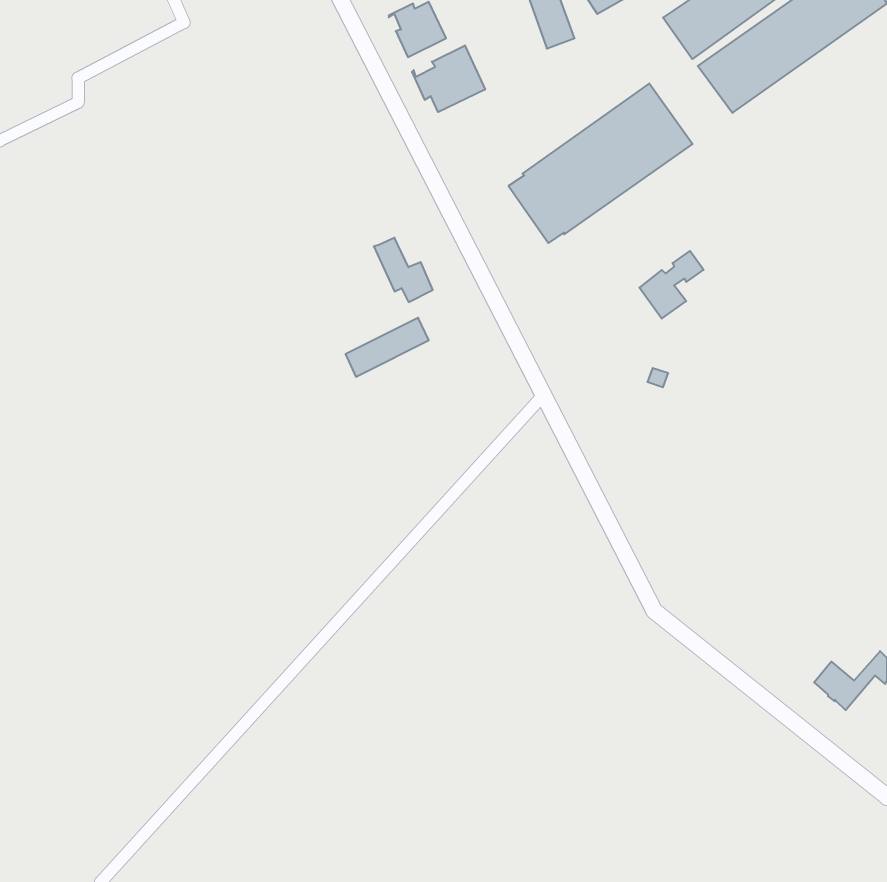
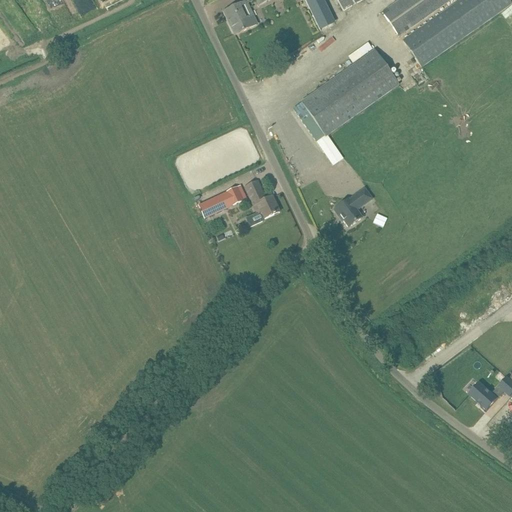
building: [412,45,485,112] -> none
building: [374,238,433,302] -> [245,180,279,217]
building: [639,251,704,319] -> [335,186,372,225]

